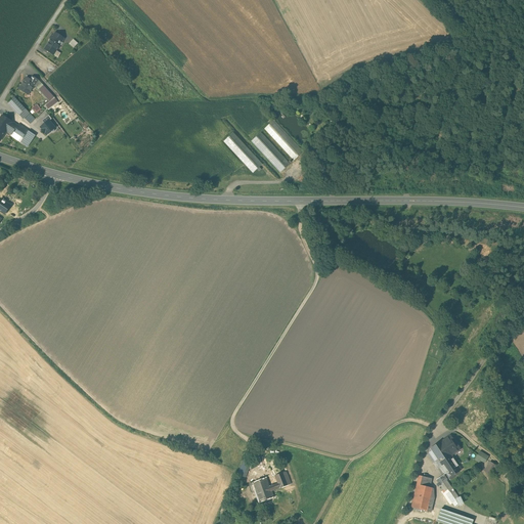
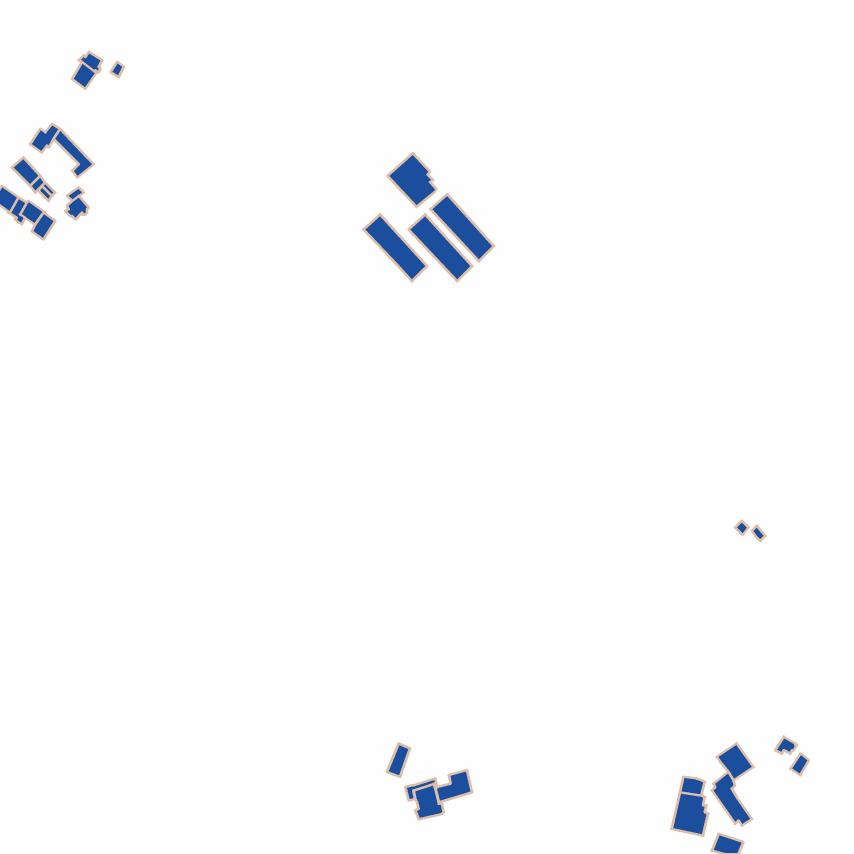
building: none -> [388,153,436,207]
building: [429,434,460,463] -> none

